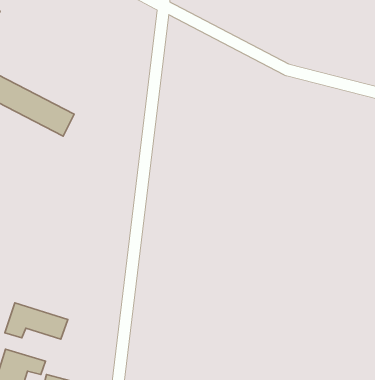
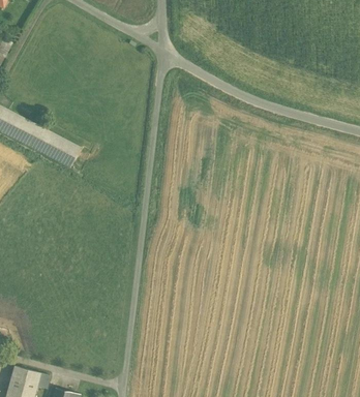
building: [5,303,68,339] -> none

